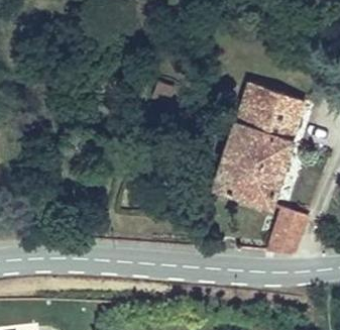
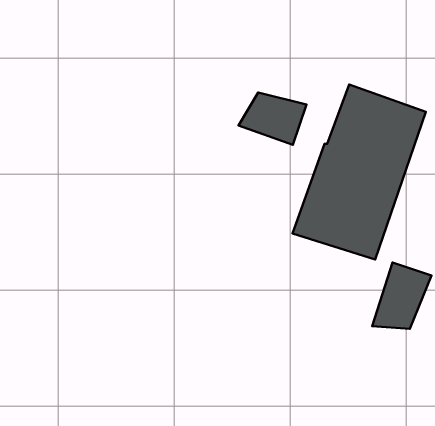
building: none -> [238,92,306,145]

